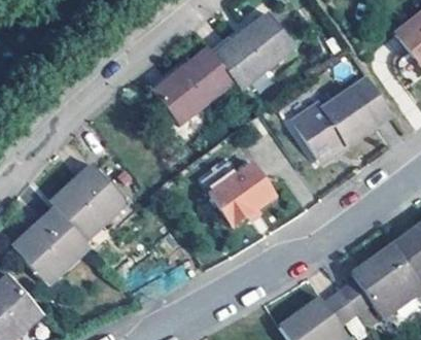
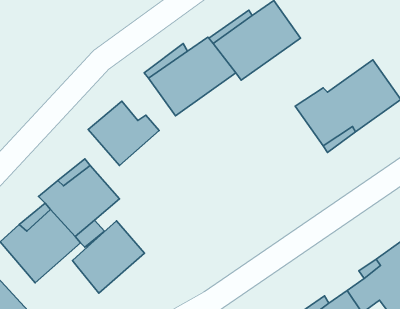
building: none -> [88,101,159,166]
building: [212,163,279,227] -> none
building: none -> [73,221,145,293]

